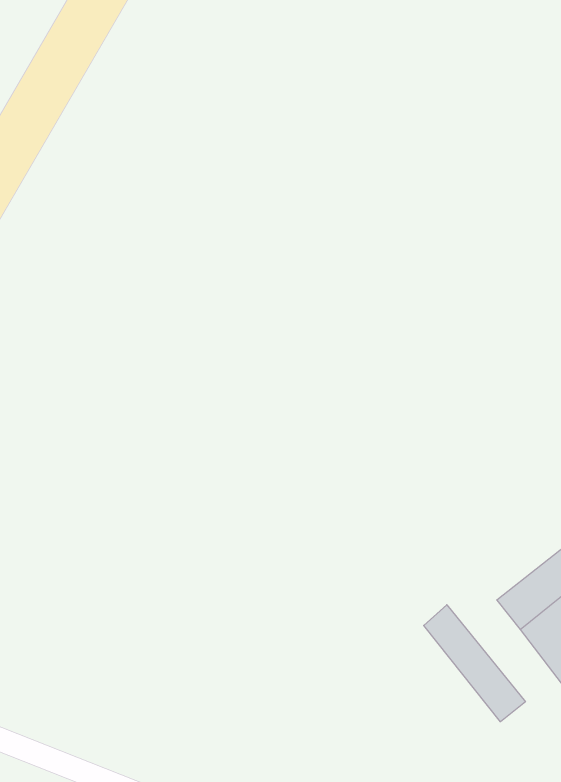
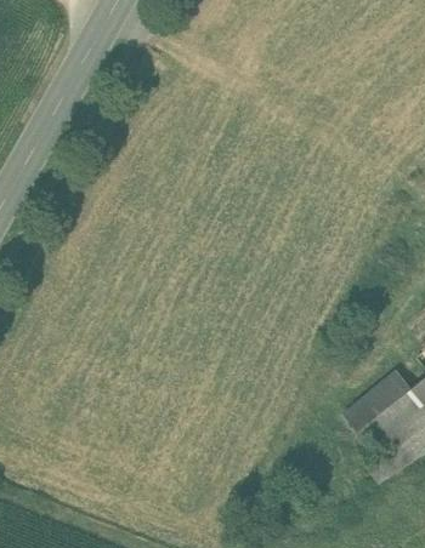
building: [424,605,525,722] -> none

